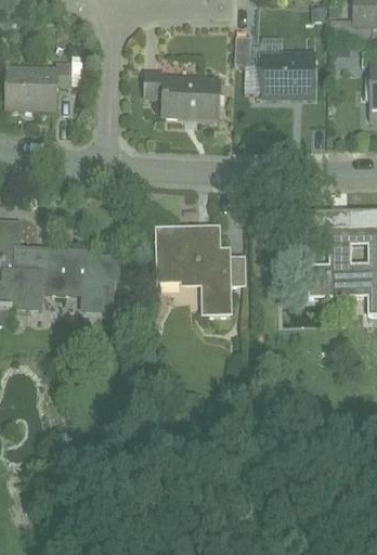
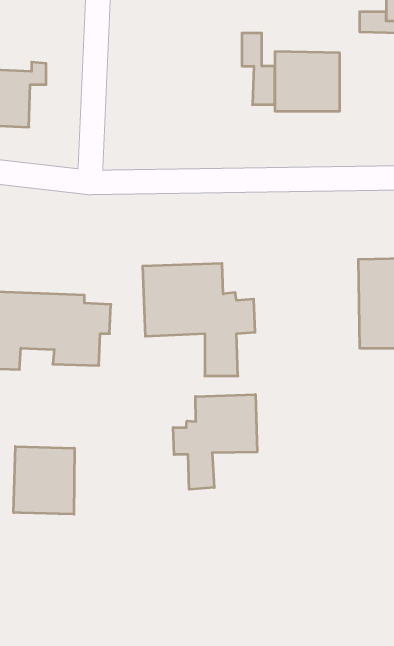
building: [144,67,218,118] -> none
building: none -> [173,394,257,489]
building: none -> [14,446,74,514]

